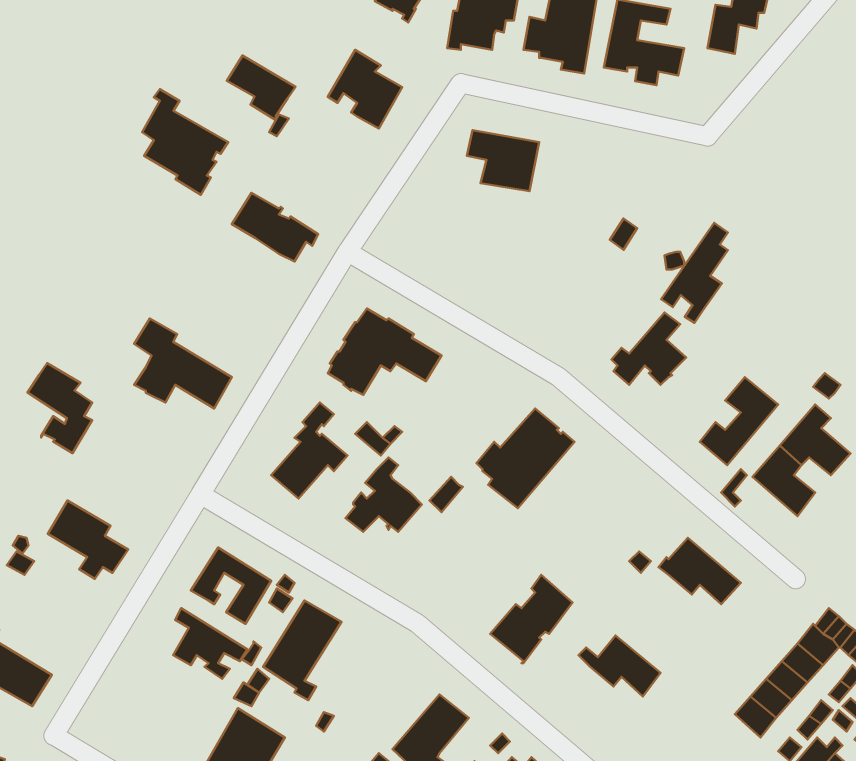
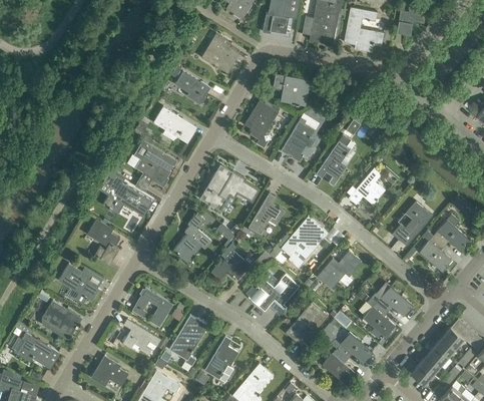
building: [227,55,295,120] -> [174,71,209,104]
building: [142,89,228,195] -> [133,133,177,187]
building: none -> [244,100,279,147]
building: none -> [281,113,320,162]
building: [661,223,728,323] -> [316,134,350,185]
building: none -> [248,192,285,235]
building: [28,363,92,453] -> [86,219,119,265]
building: none -> [317,251,362,289]
building: none -> [248,274,299,311]
building: none -> [358,298,395,337]
building: none -> [42,301,81,339]
building: none -> [204,336,238,383]
building: none -> [323,349,355,384]
building: none -> [90,355,128,386]

